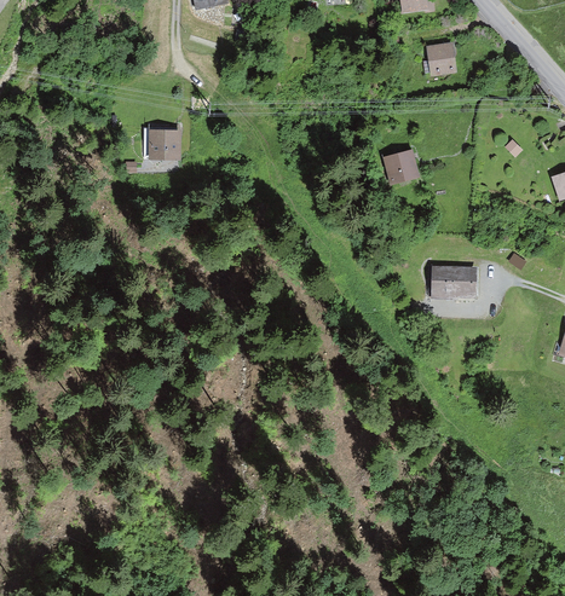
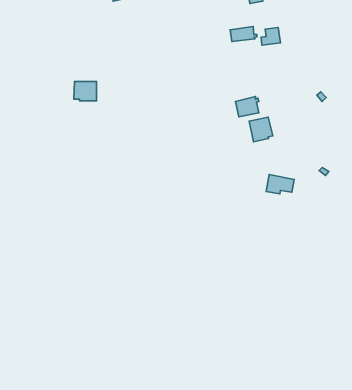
building: none -> [230,27,257,41]
building: none -> [249,117,273,142]

